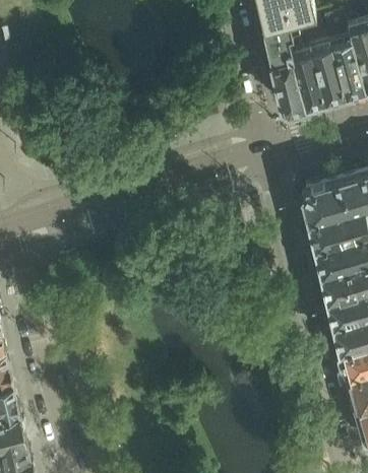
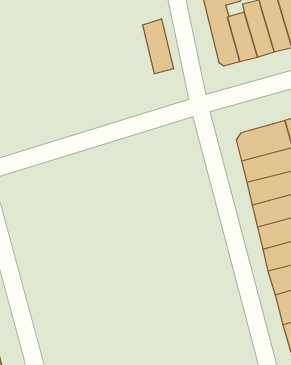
building: none -> [143,19,173,74]

